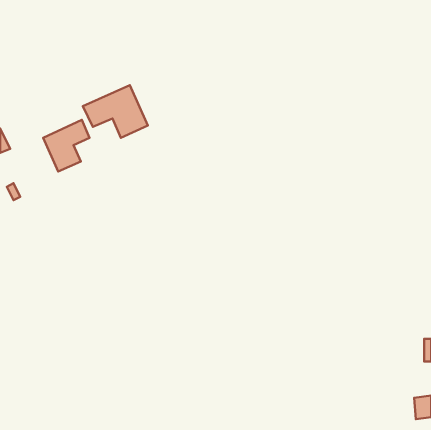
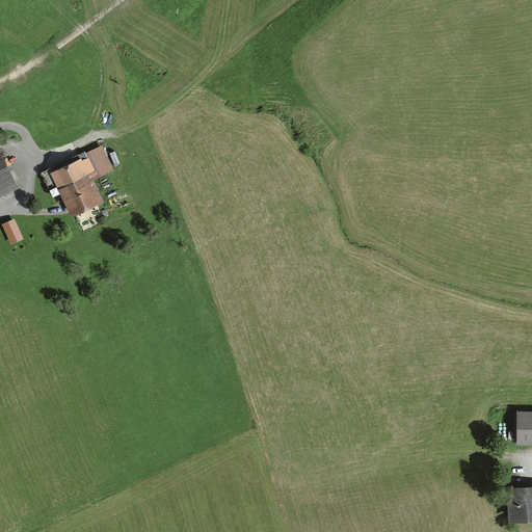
building: [83,85,148,138] -> none

